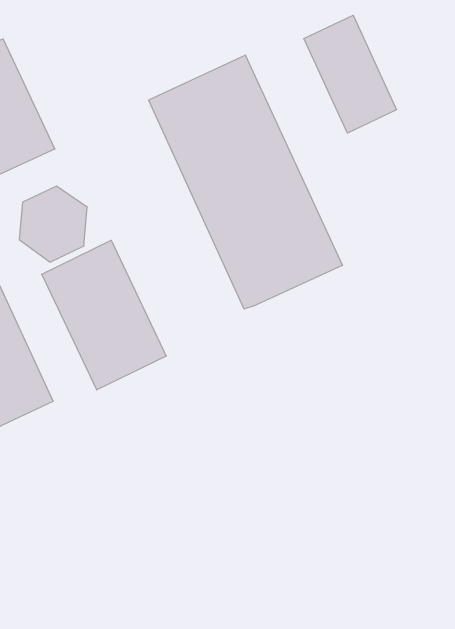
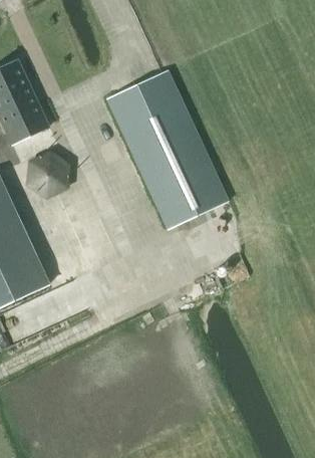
building: [304,15,397,133] -> none
building: [42,240,166,390] -> none

